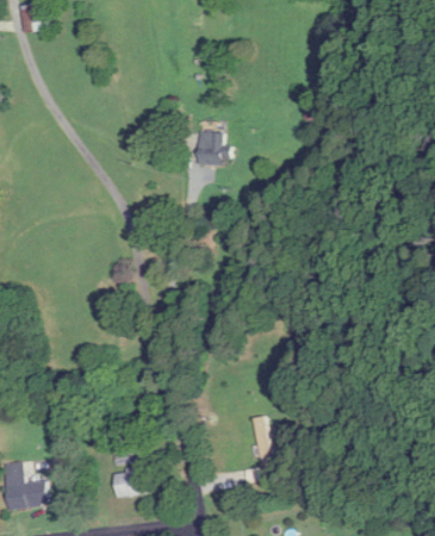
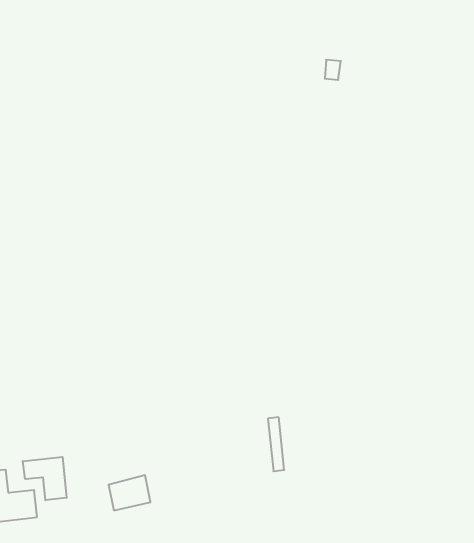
building: [198,131,230,163] -> none
building: none -> [23,457,66,500]

